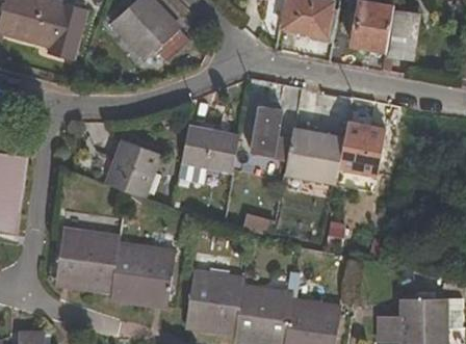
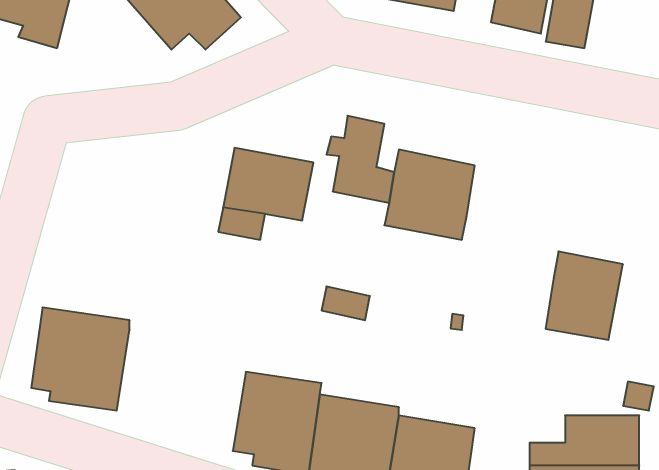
building: [336,118,386,176] -> [546,251,623,340]
building: [105,140,161,197] -> none
building: [109,242,175,308] -> none

